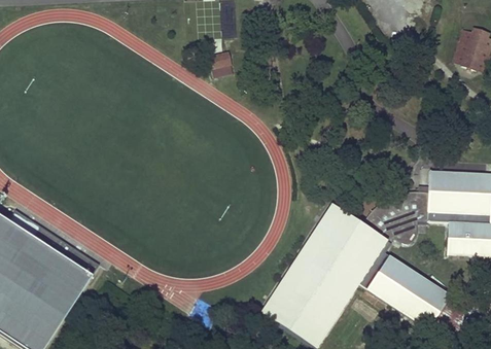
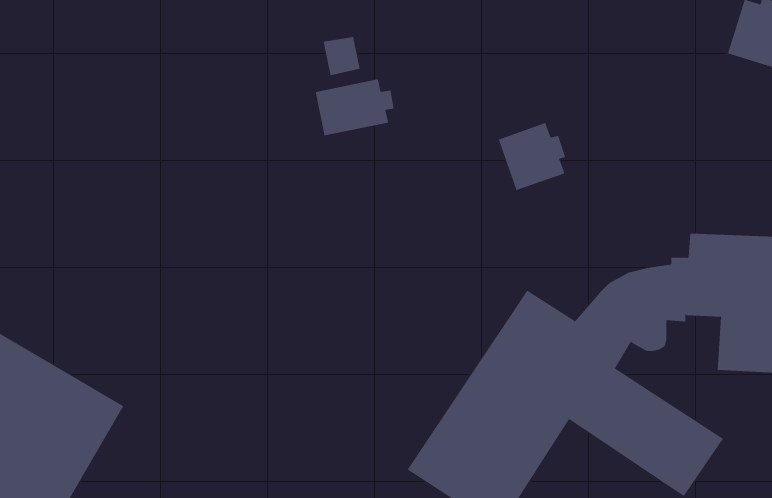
building: none -> [315,79,394,136]
building: none -> [498,122,566,191]

